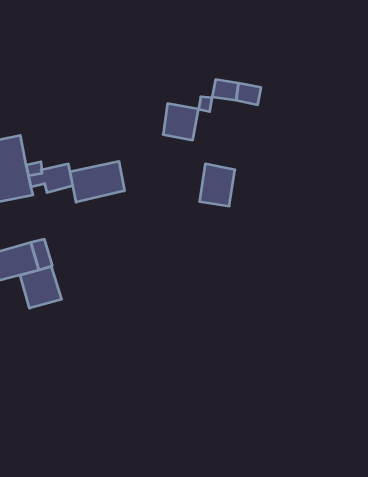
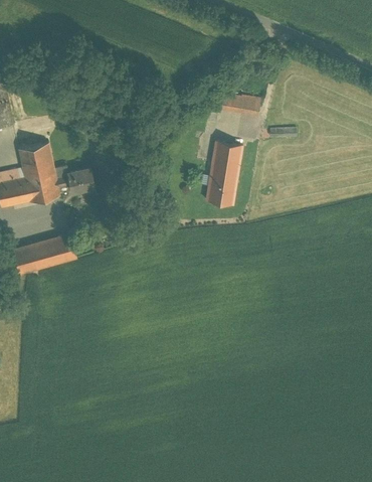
building: [163,104,198,140] -> [211,142,242,174]
building: [70,161,124,202] -> none
building: [20,266,62,308] -> none

